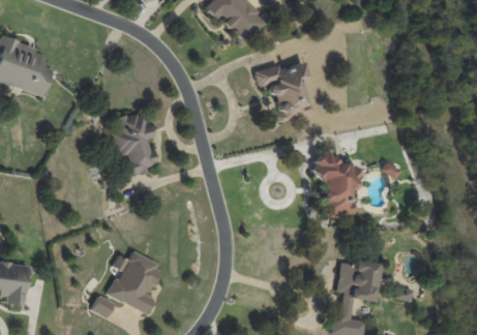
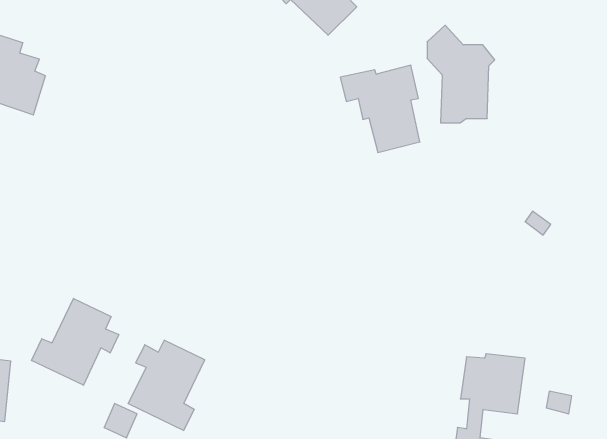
building: [116,112,155,177] -> none
building: [314,150,360,217] -> [427,25,495,123]
building: none -> [32,298,119,385]

